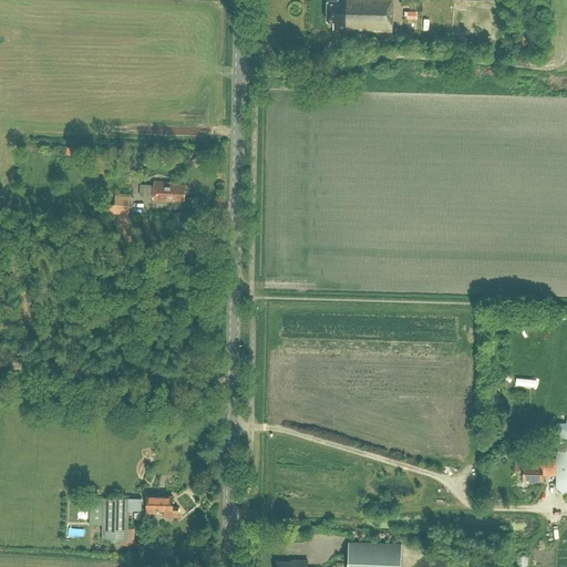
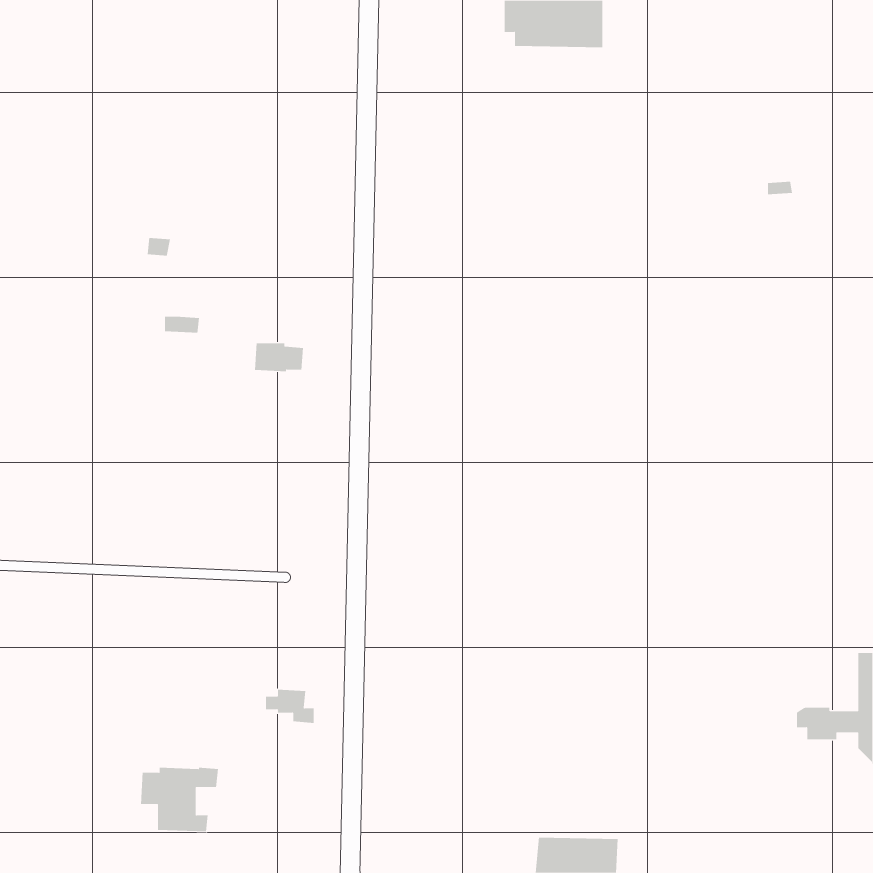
building: [153,182,185,200] -> [254,343,304,372]
building: [146,495,178,517] -> [265,689,315,723]

